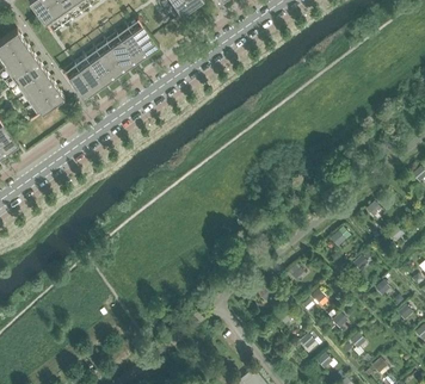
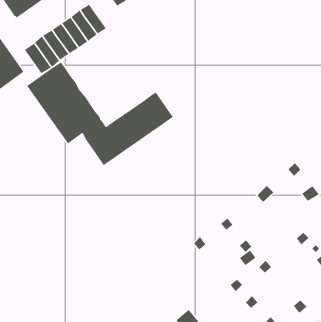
building: none -> [26,61,174,166]

